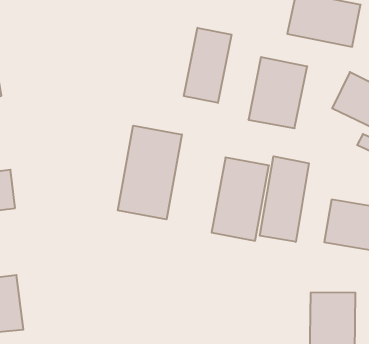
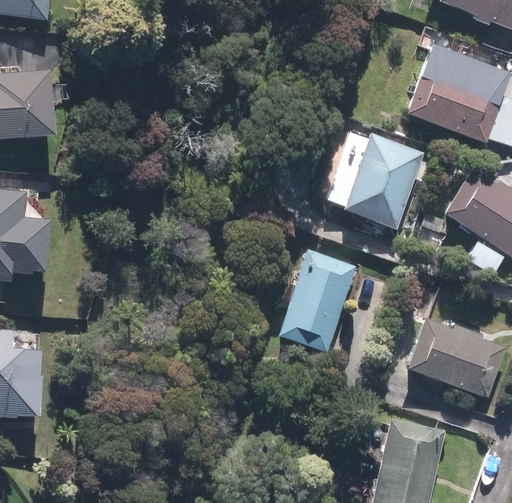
building: [184,28,232,103] -> none
building: [118,126,182,219] -> none
building: [260,156,309,242] -> none

